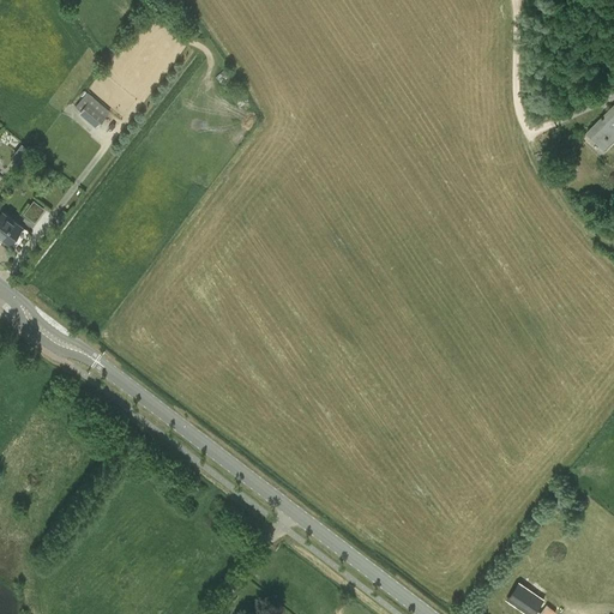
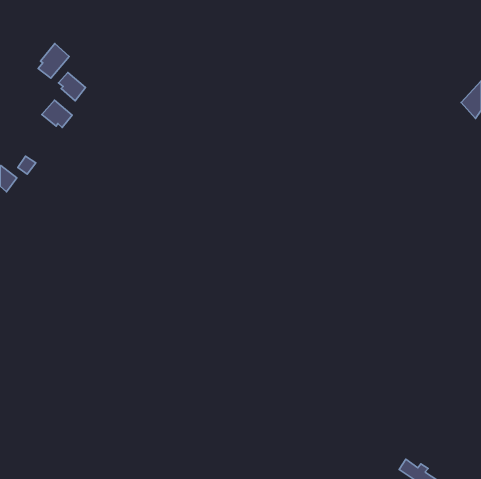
building: none -> [38,44,69,78]
building: none -> [42,100,72,128]

